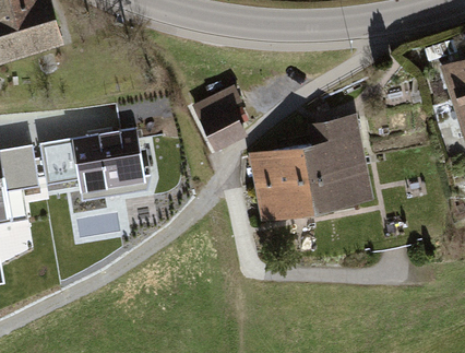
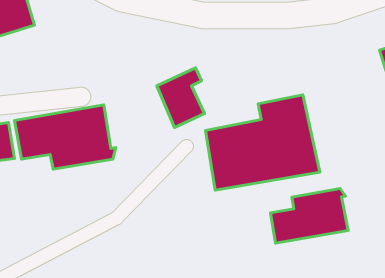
building: none -> [270,188,348,243]

